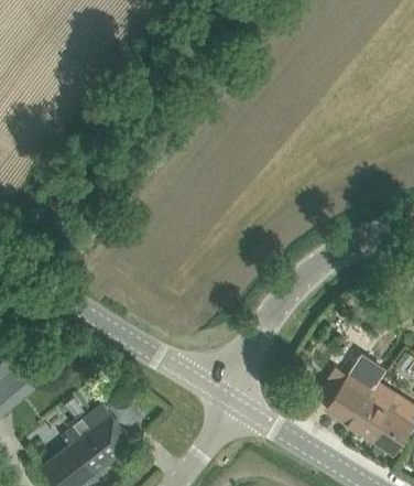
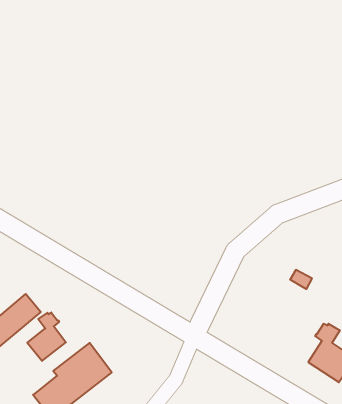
building: [325,357,383,430] -> none
building: none -> [27,312,66,361]

